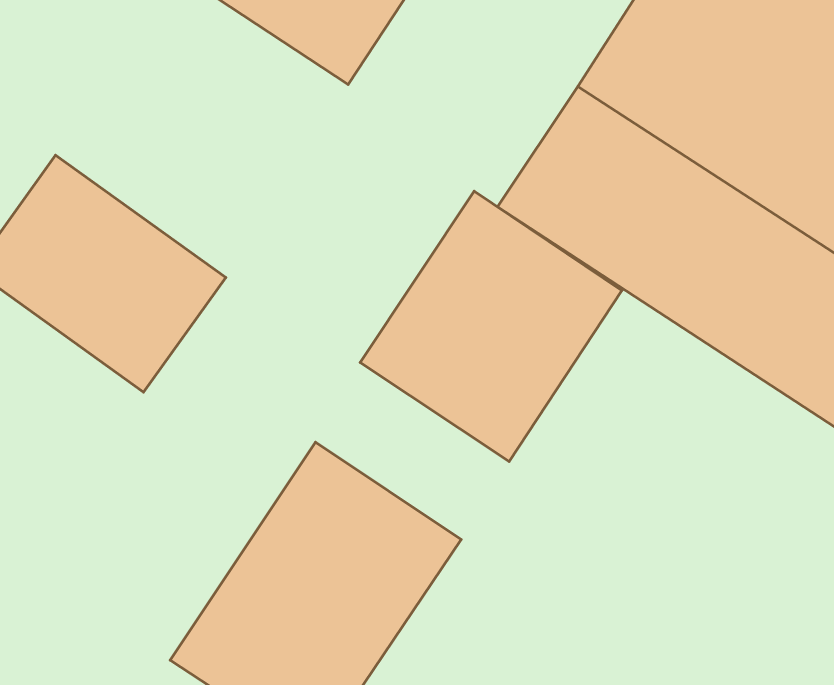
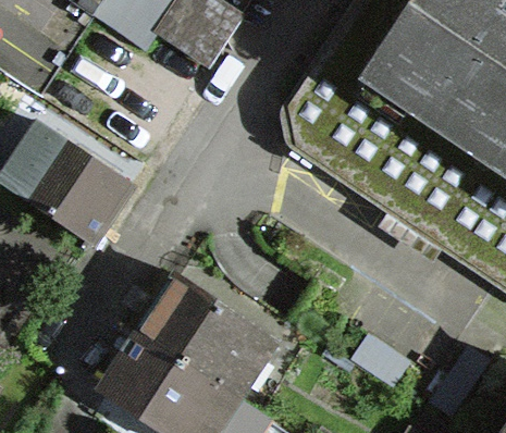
building: [360,191,622,461] -> none

